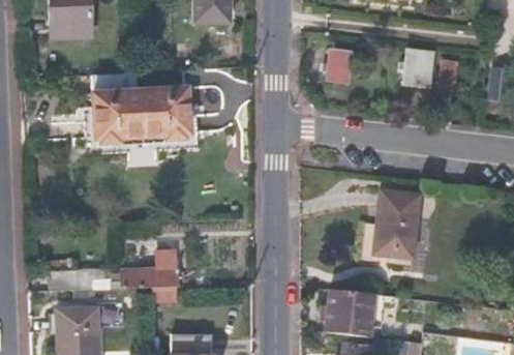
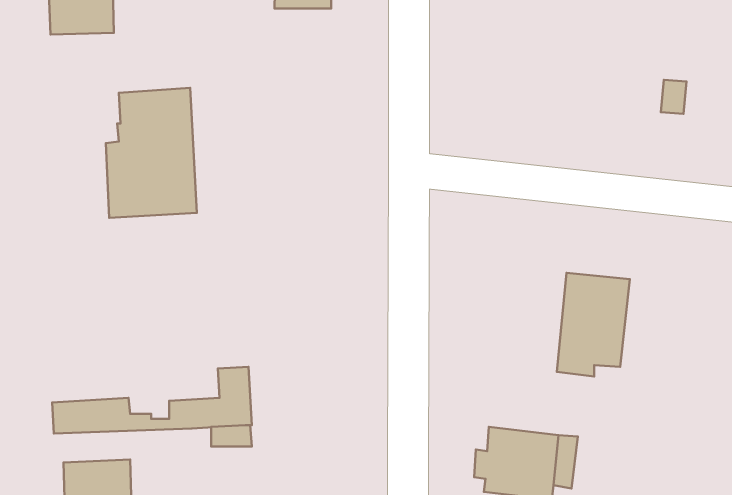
building: [328,48,363,83] -> none
building: [404,49,433,86] -> none
building: [140,69,200,151] -> none

